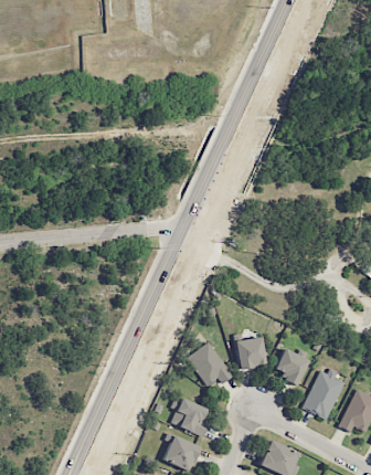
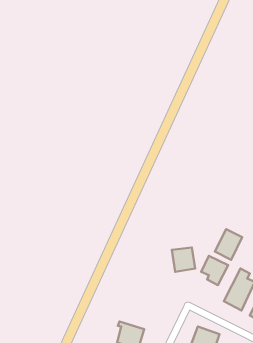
building: none -> [215,229,242,260]
building: [188,341,233,387] -> none
building: [171,397,210,437] -> none

